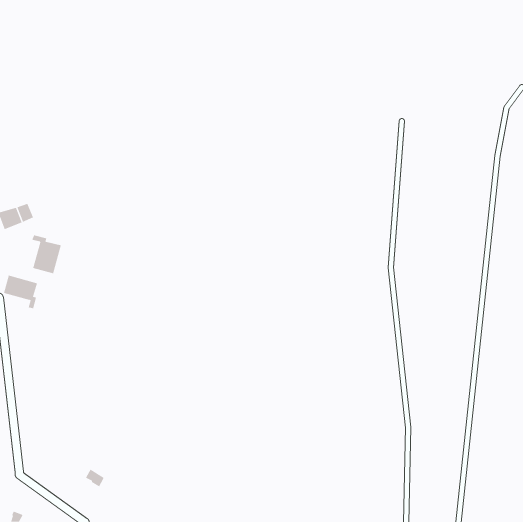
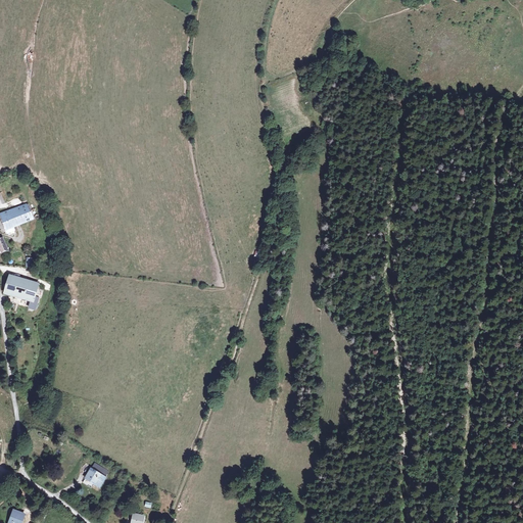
building: [31,234,62,274] -> none

